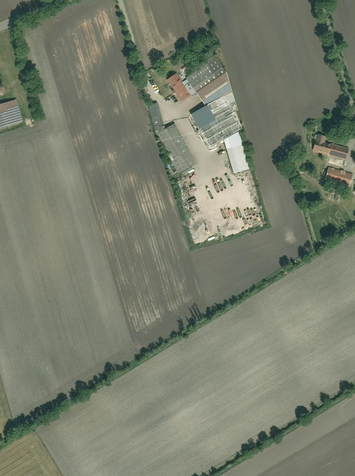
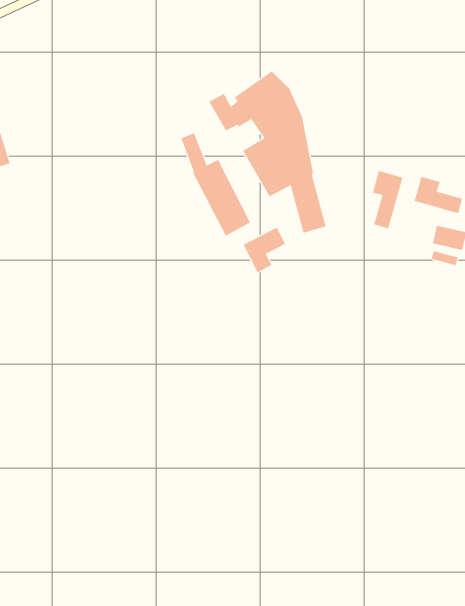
building: none -> [372,170,403,229]
building: none -> [243,227,286,273]

